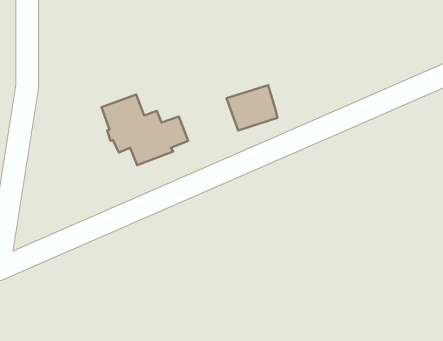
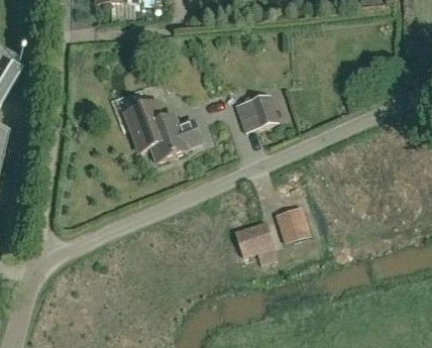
building: none -> [276,205,309,241]
building: none -> [233,220,275,258]

